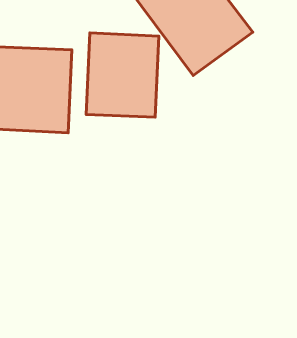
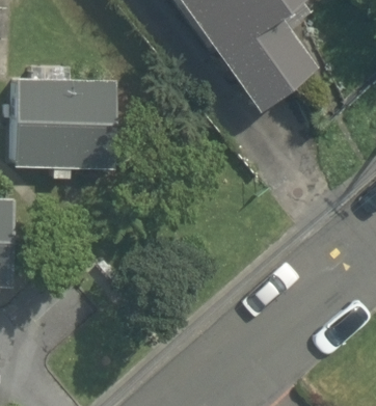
building: [86,33,159,117] -> none

